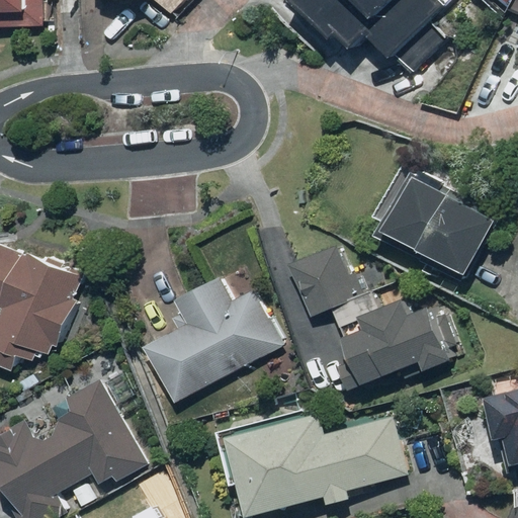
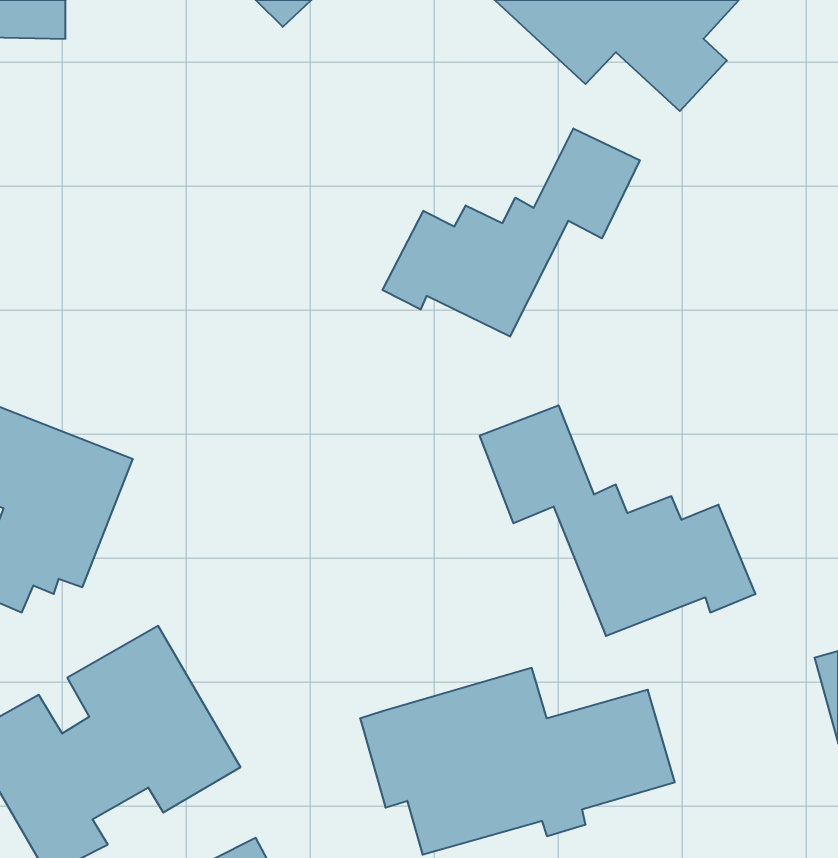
building: none -> [383,128,640,337]
building: [377,171,499,278] -> none
building: [146,278,280,402] -> none

